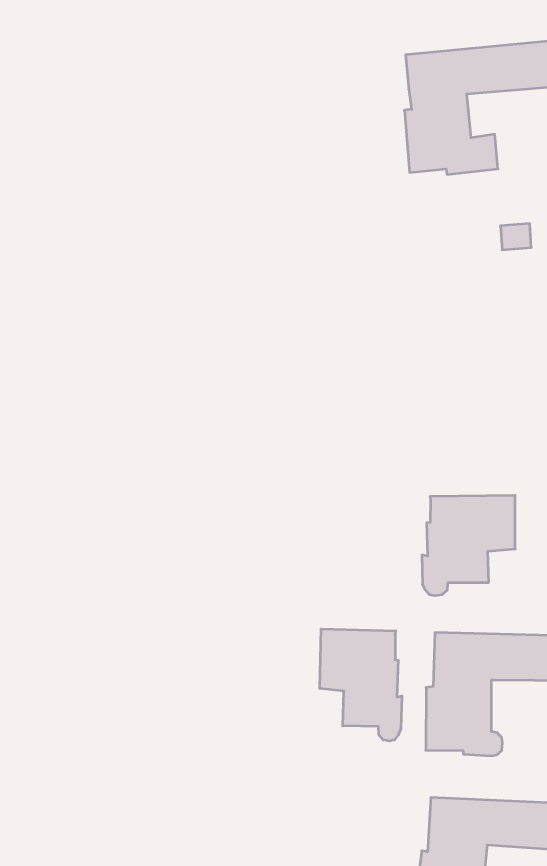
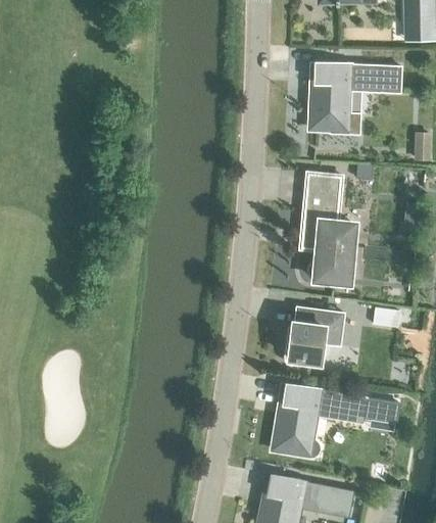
building: none -> [301,173,353,282]
building: [320,629,402,741] -> none

